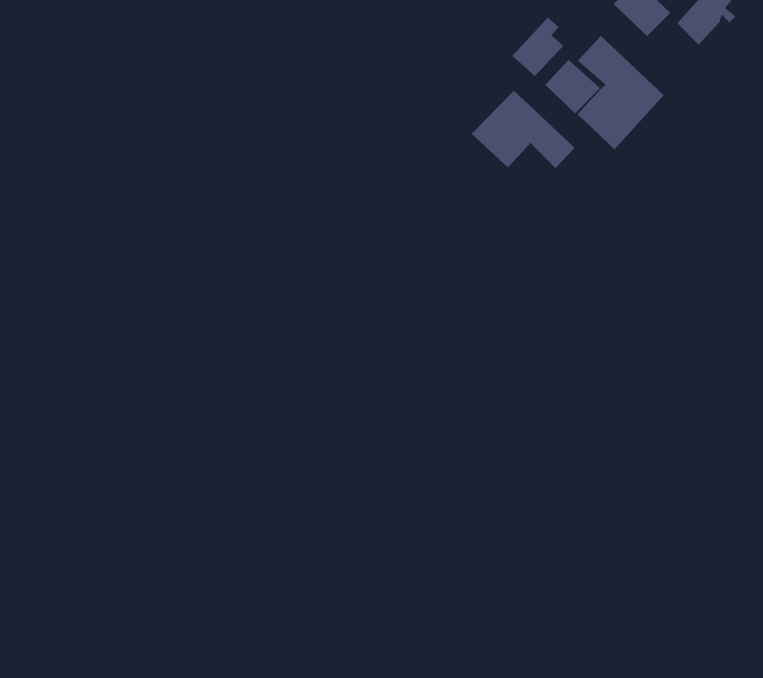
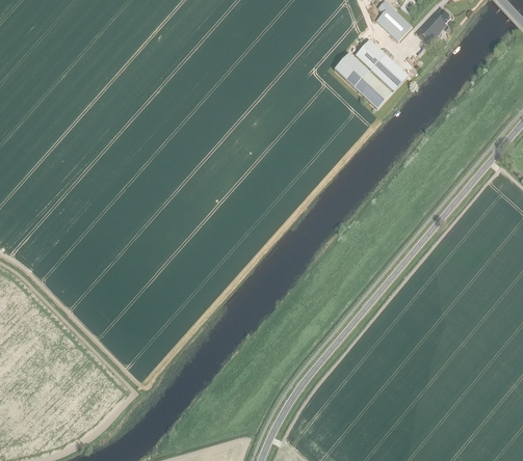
building: [511,17,564,77] -> none
building: [471,90,576,169] -> none

